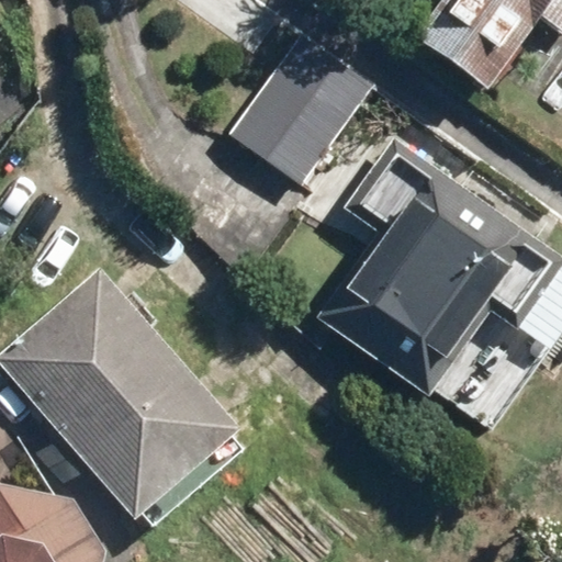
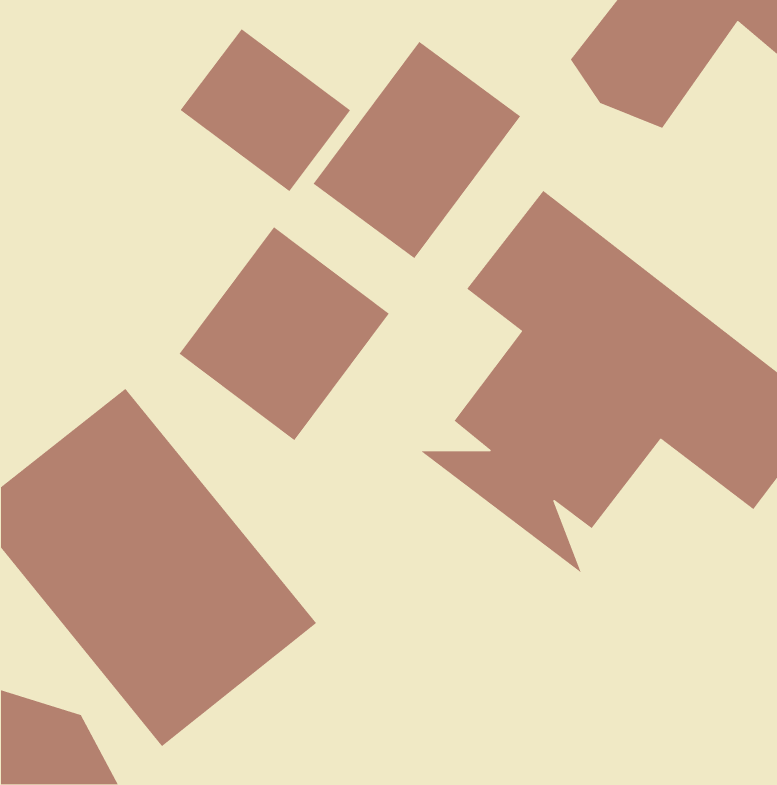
building: none -> [180,28,351,192]
building: none -> [178,226,390,441]

